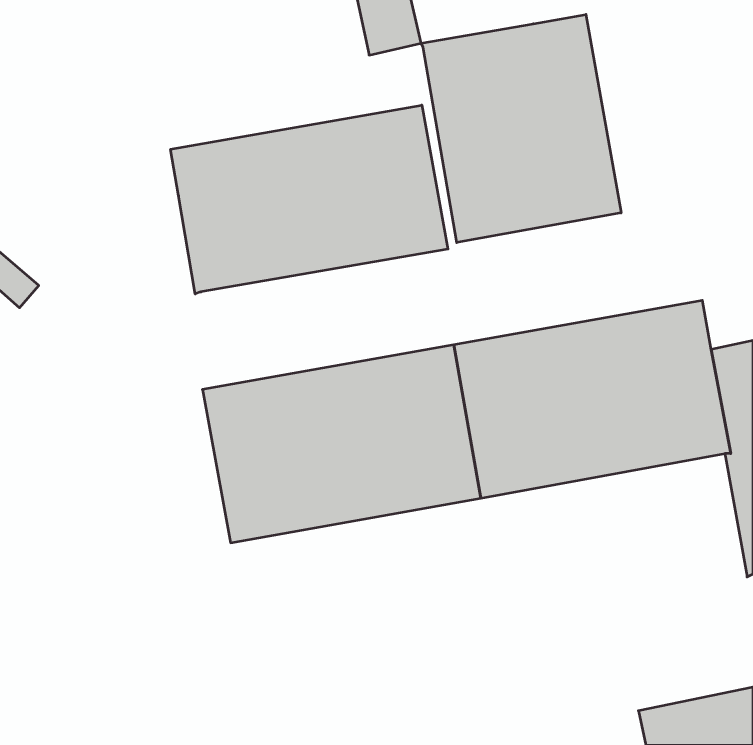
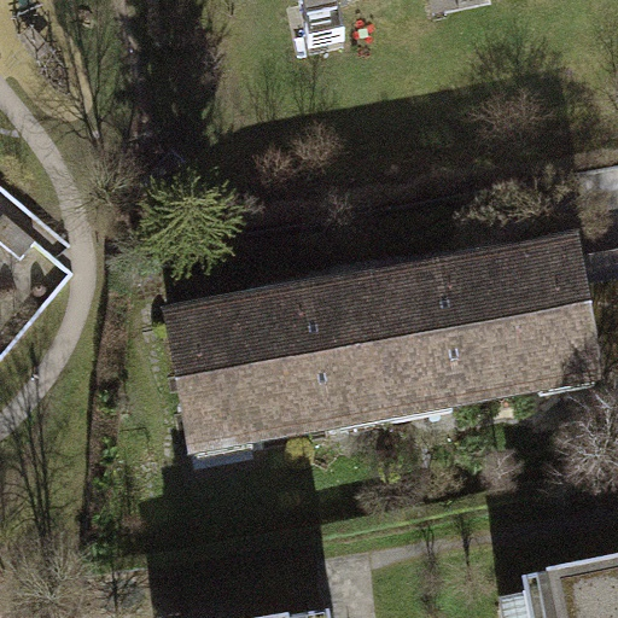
building: [421,14,621,243] -> none
building: [171,105,448,294] -> none

